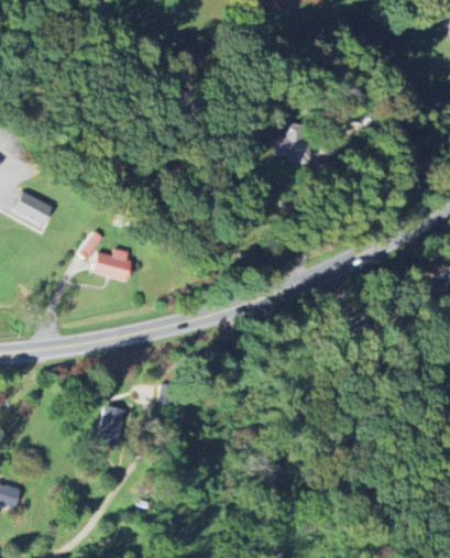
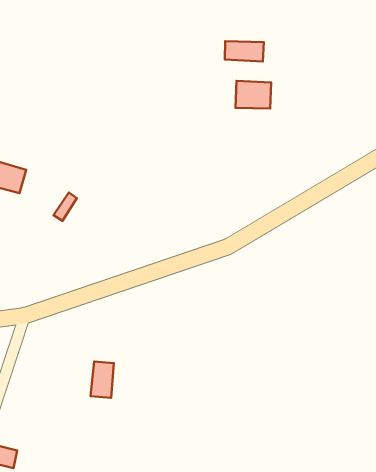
building: none -> [225,41,264,61]
building: [92,248,133,280] -> none

